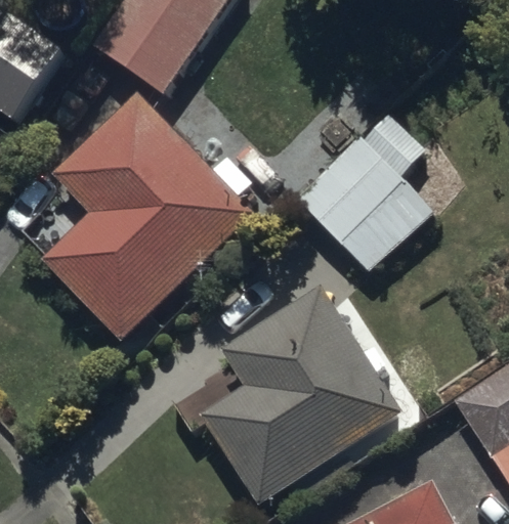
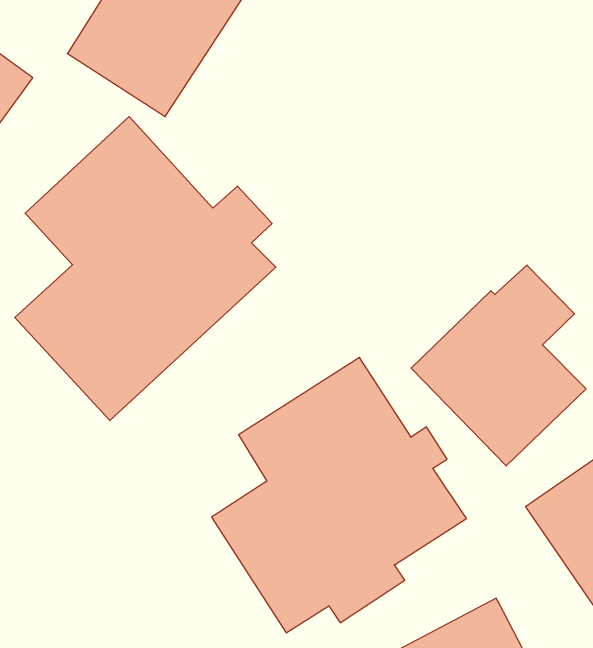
building: [294,113,433,272] -> [411,265,586,466]

